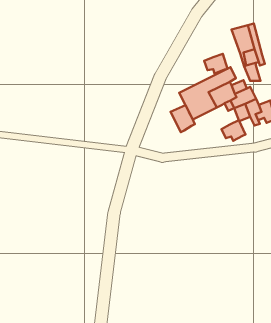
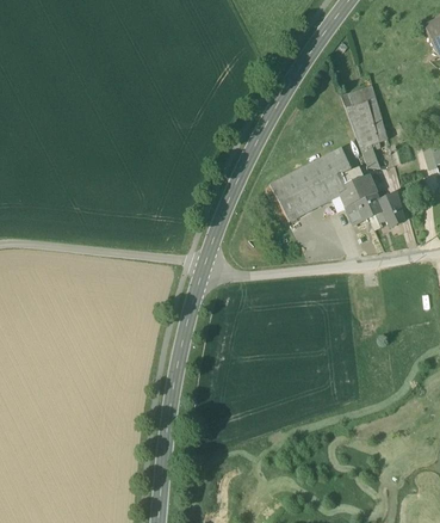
building: [204,54,227,73] -> none
building: [170,105,195,132] -> none
building: [221,120,245,141] -> none

